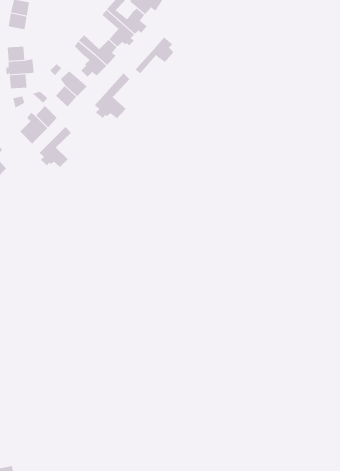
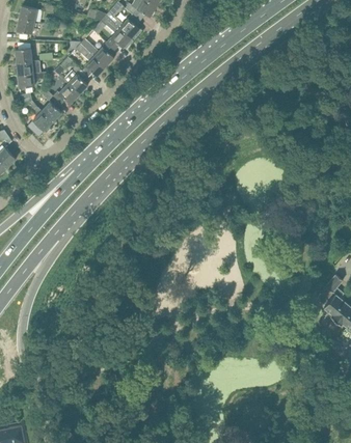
building: [135,36,174,74] -> none
building: [94,73,130,119] -> none
building: [39,126,72,168] -> none

